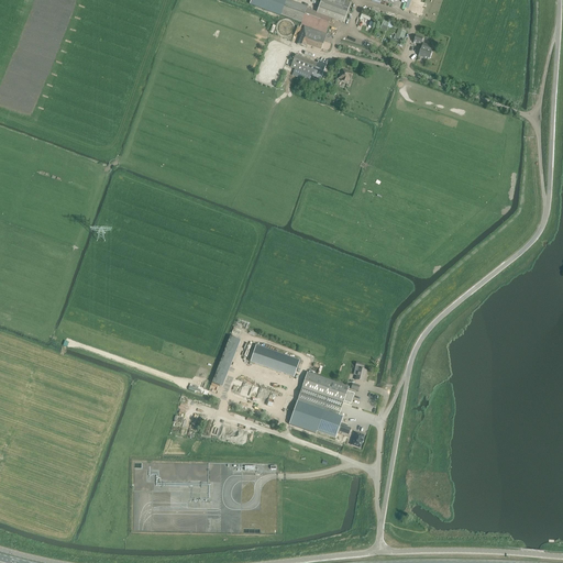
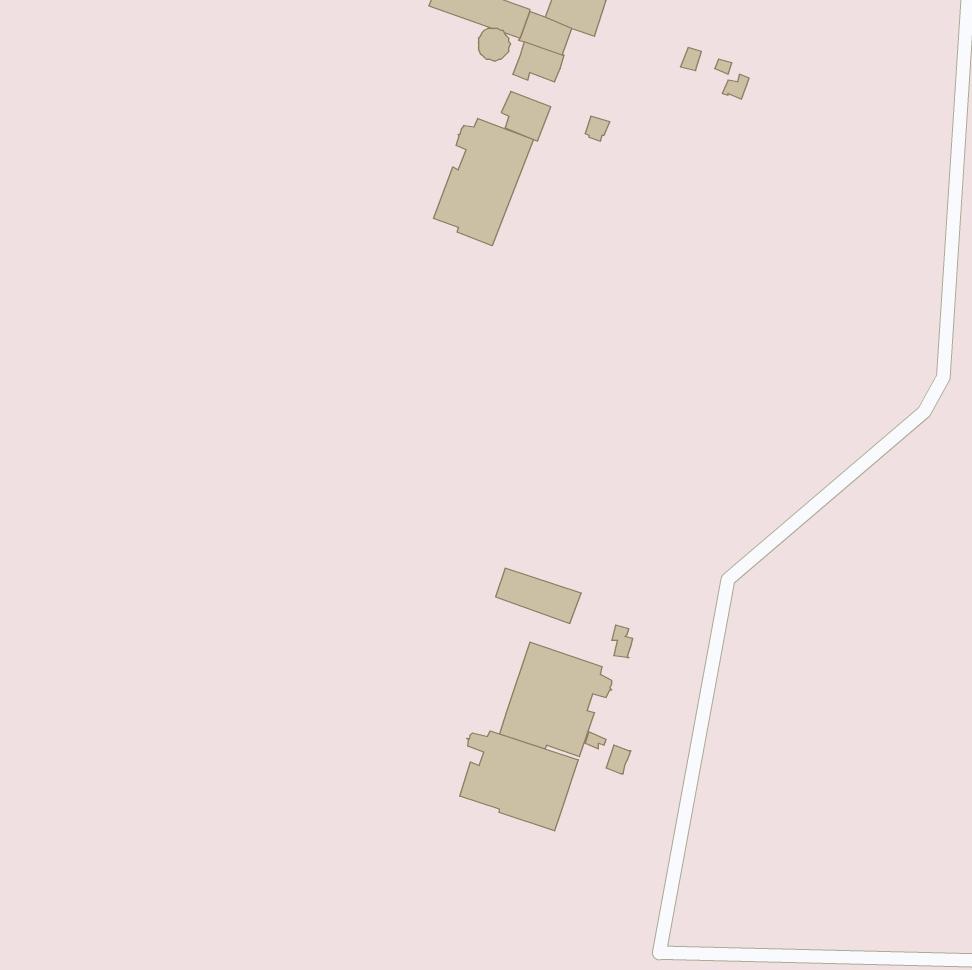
building: none -> [433,118,533,246]
building: [250,344,299,376] -> [496,568,581,623]
building: none -> [460,731,578,831]

